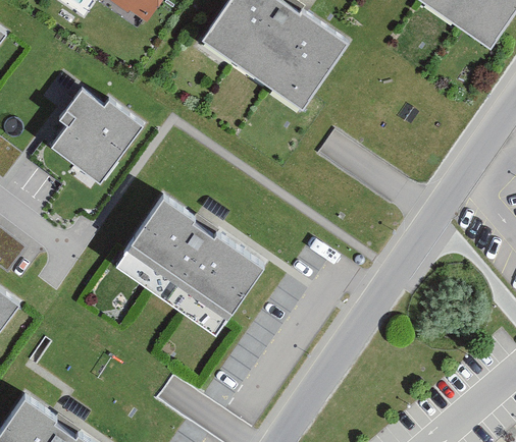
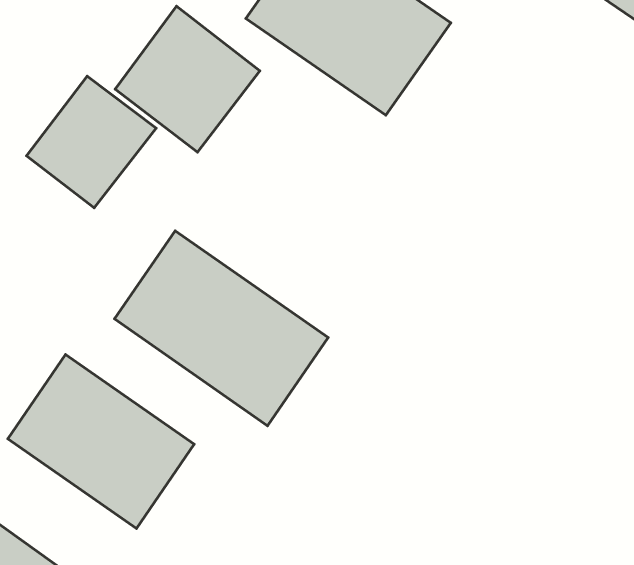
building: none -> [115,6,260,152]
building: none -> [8,354,194,528]

